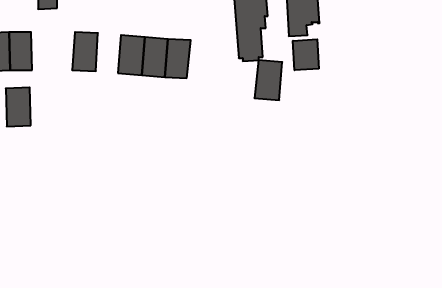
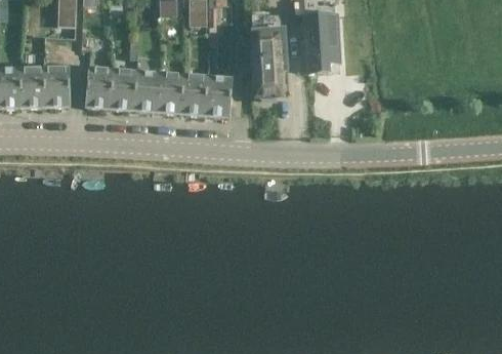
building: none -> [110,69,135,110]
building: [293,39,319,70] -> none
building: [254,60,282,100] -> [203,76,232,117]
building: [6,87,31,126] -> [43,67,69,107]

